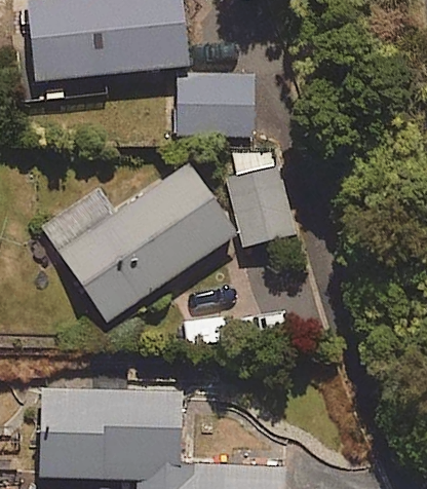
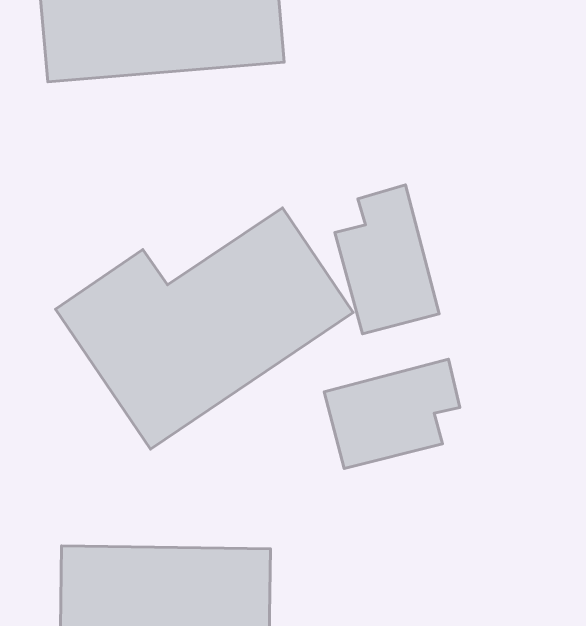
building: [172,77,257,134] -> none
building: none -> [324,359,460,468]

